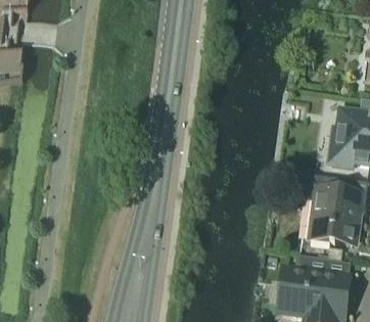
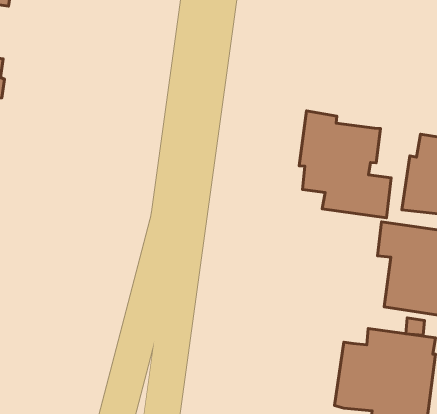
building: none -> [299,111,391,218]

